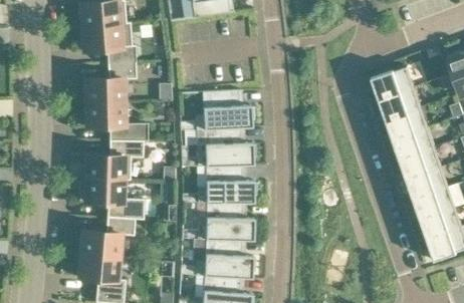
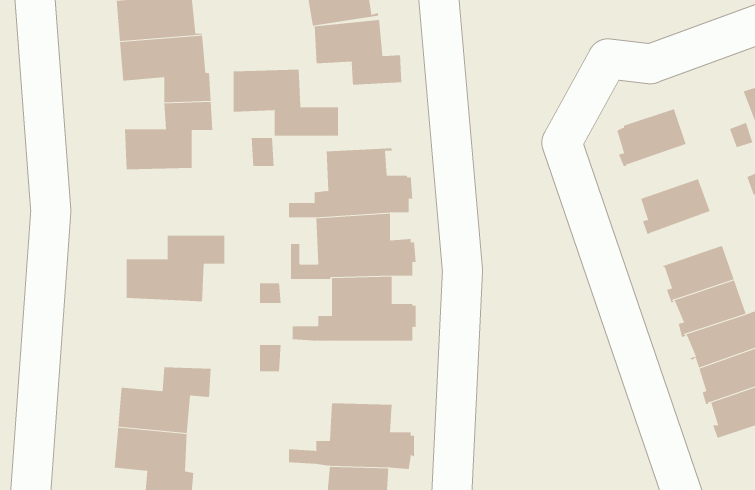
building: none -> [314,19,402,86]
building: [379,87,421,120] -> none
building: [84,101,147,140] -> [233,69,339,136]
building: [393,126,435,161] -> none
building: [83,178,144,220] -> none
building: [181,203,255,241] -> none

